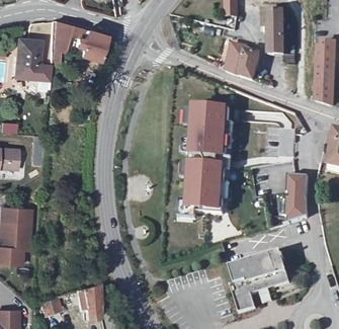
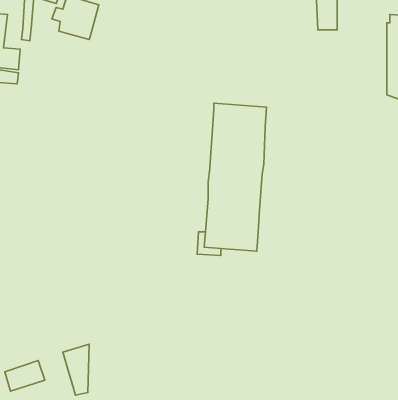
building: [217,45,258,79] -> none
building: [286,177,309,224] -> none
building: [232,253,291,314] -> none

